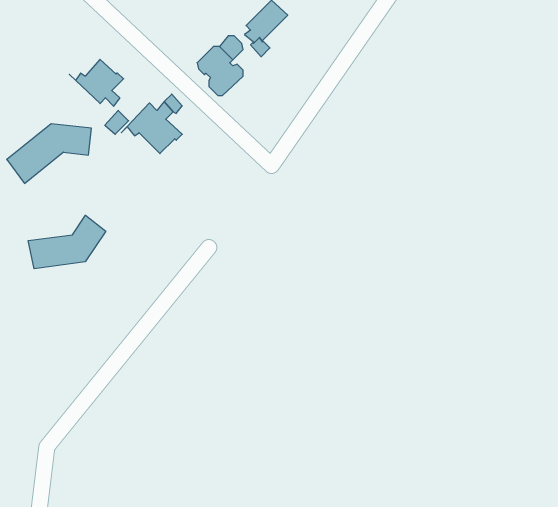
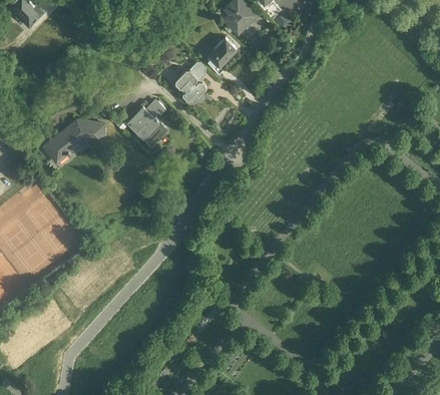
building: [69,59,124,106] -> none
building: [28,215,106,269] -> none

